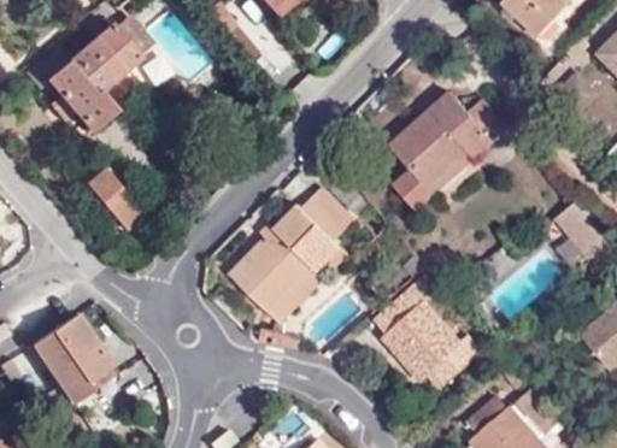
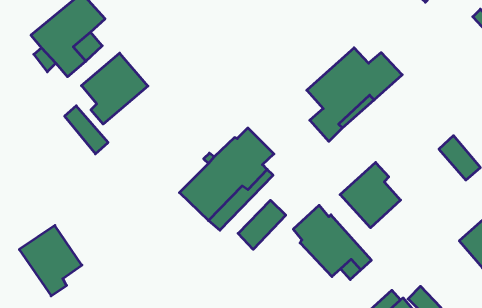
building: none -> [81,53,148,124]
building: none -> [340,162,401,228]
building: none -> [238,200,286,249]

